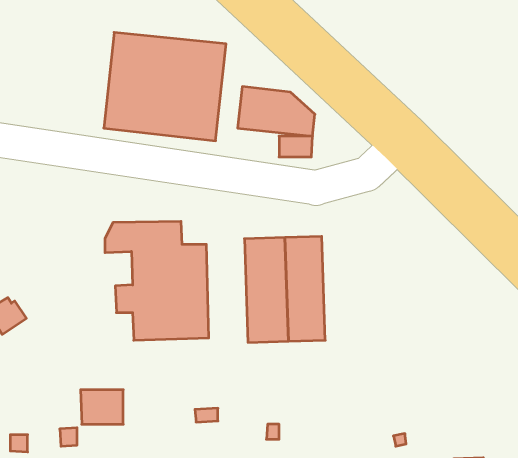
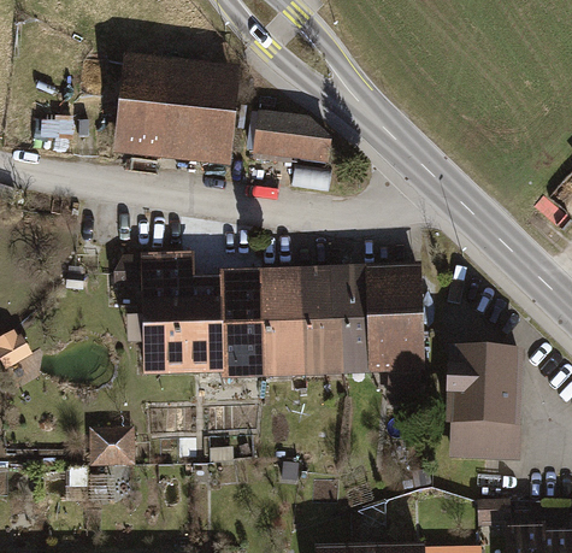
building: none -> [341,265,423,406]
building: none -> [220,270,264,380]
building: none -> [446,349,525,460]

